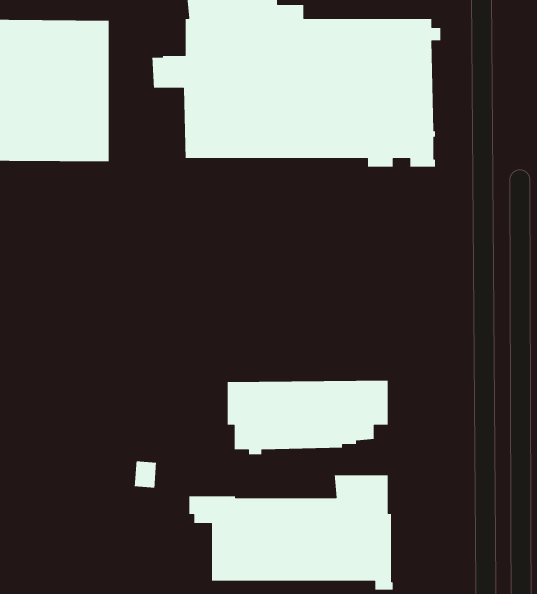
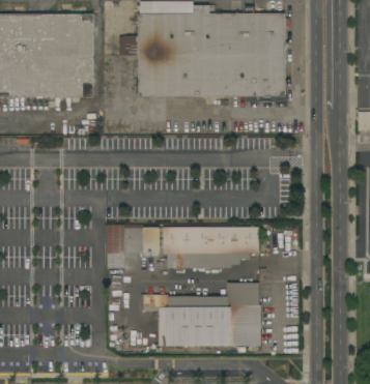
building: none -> [106,225,160,268]

